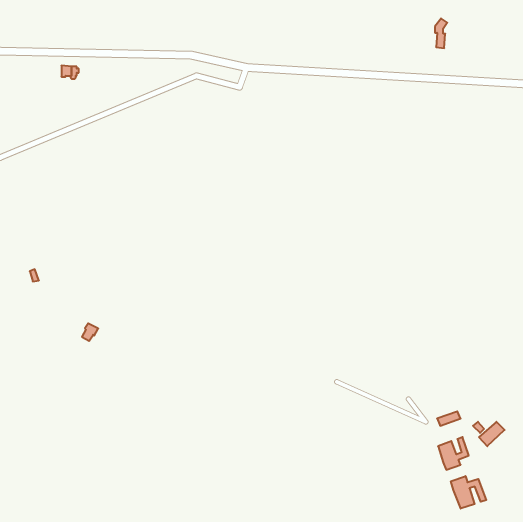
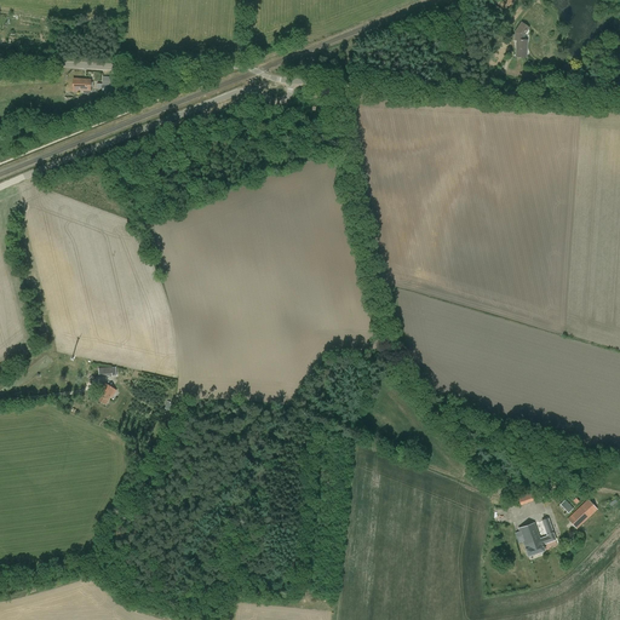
building: [451,476,486,509] -> none

